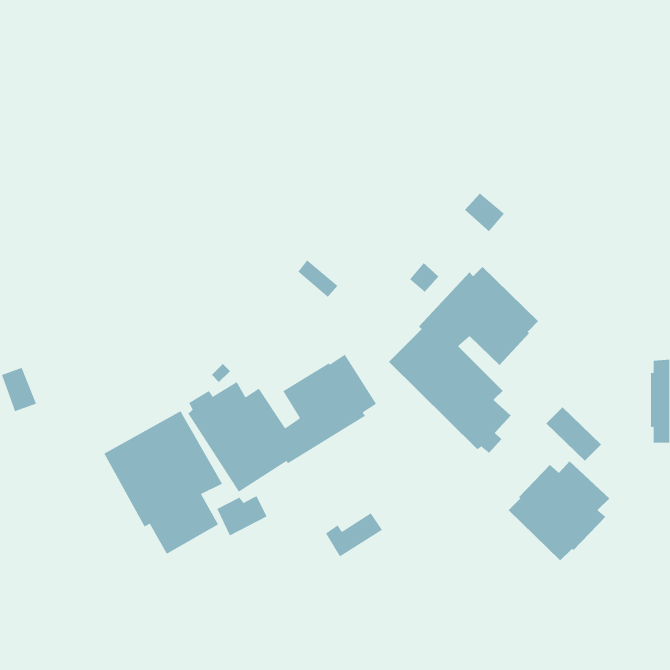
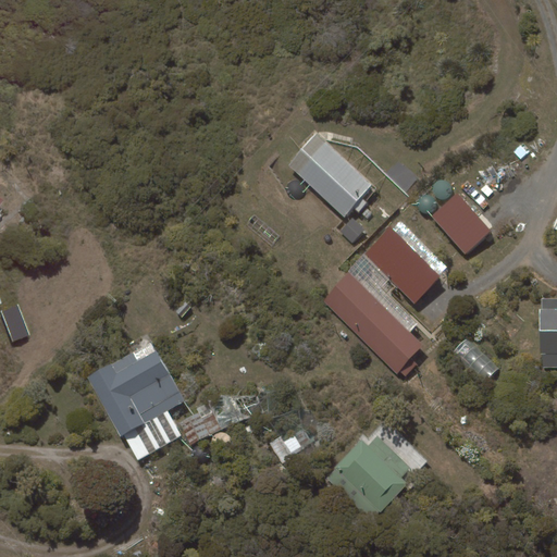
building: none -> [287,133,372,216]
building: none -> [431,193,492,255]
building: [187,354,377,493] -> none
building: [508,460,610,561] -> [326,436,411,520]

